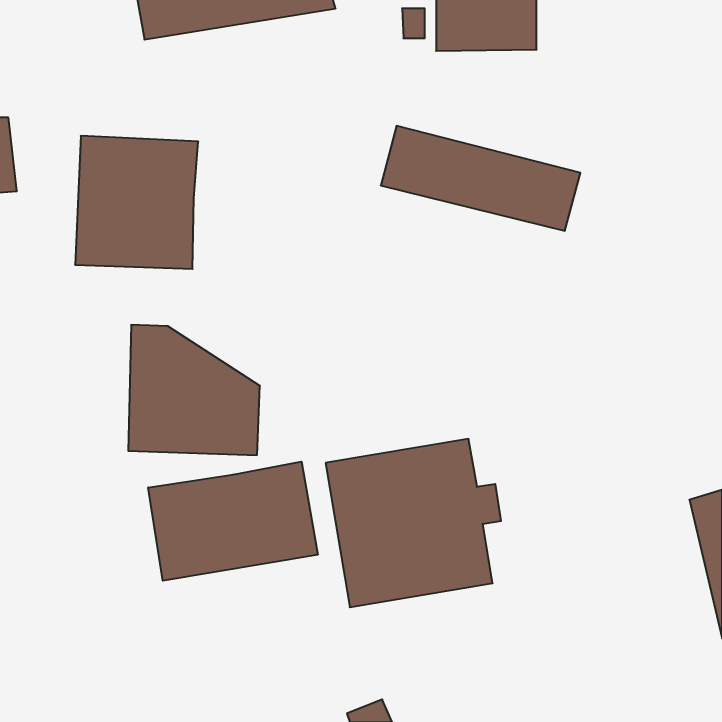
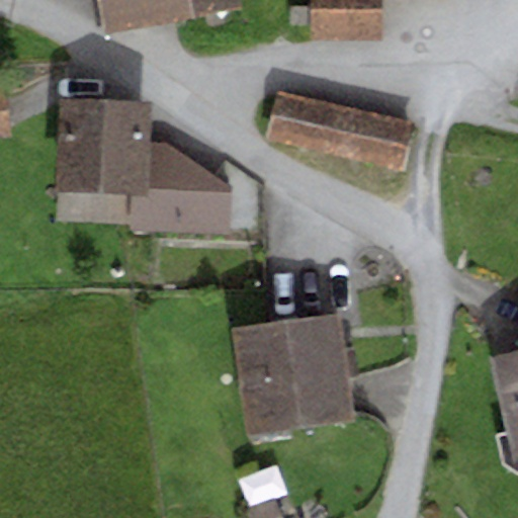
building: [128,325,260,455] -> [137,142,231,235]
building: [148,462,318,581] -> none

